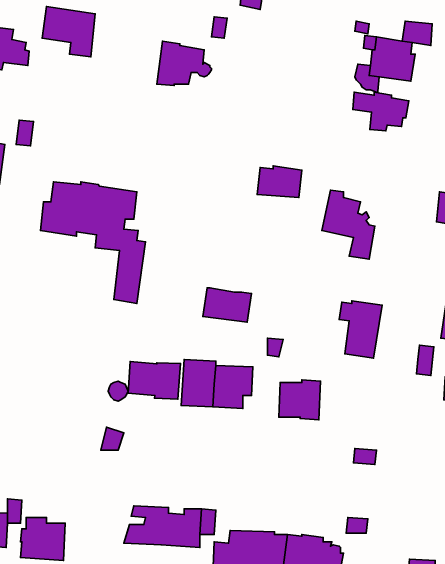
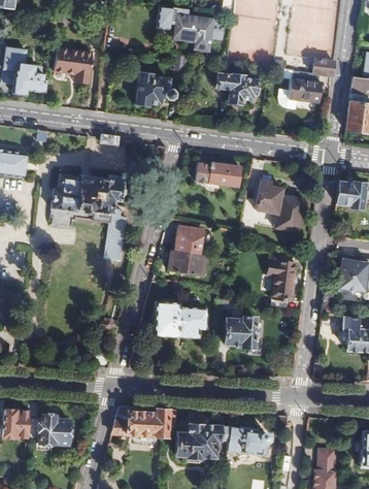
building: [353,92,409,131] -> [216,74,257,102]
building: none -> [174,226,201,254]
building: [128,361,180,399] -> none

